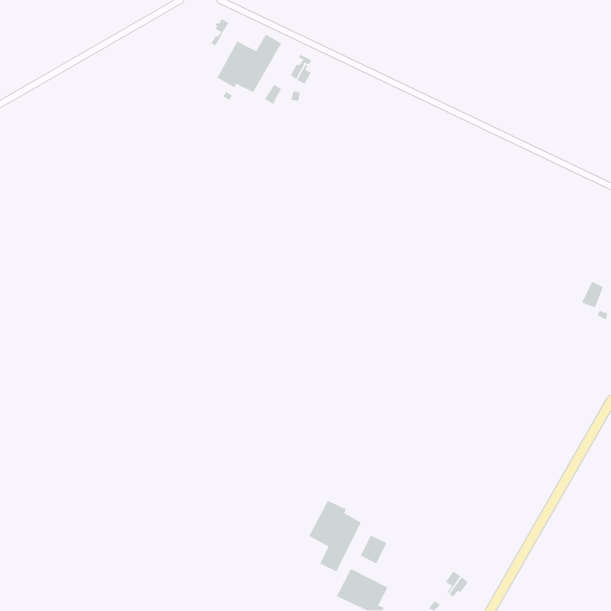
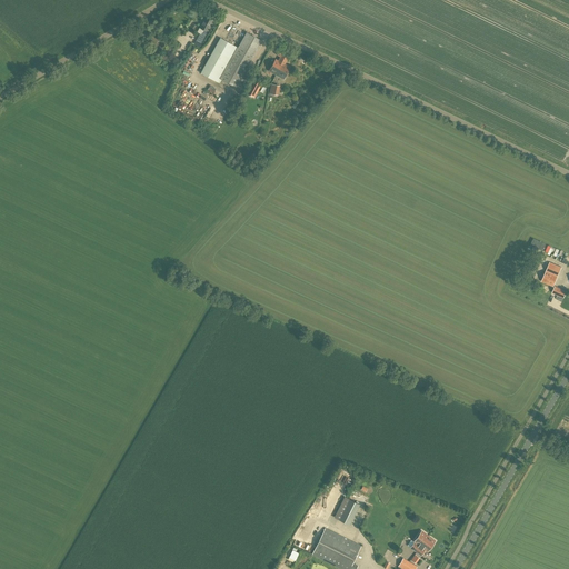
building: [308,500,362,573] -> none

